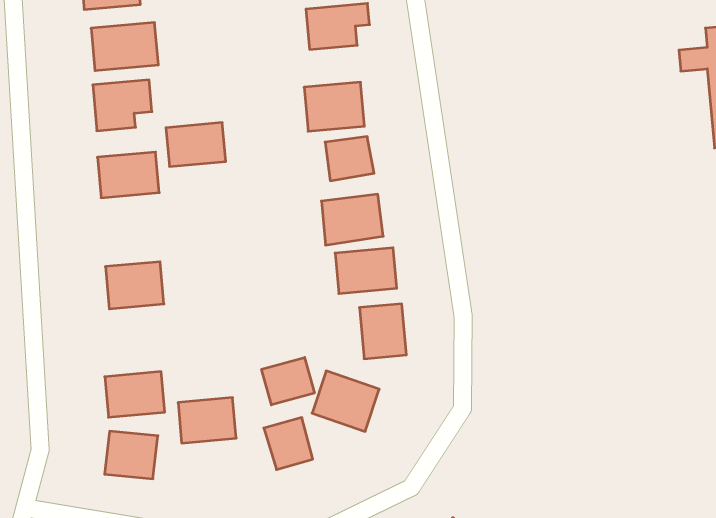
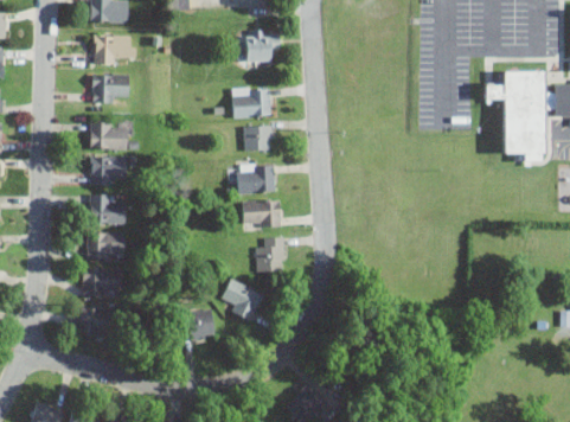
building: [166,123,226,166] -> [89,156,127,183]
building: [262,357,314,405] -> none
building: [178,398,236,443] -> [87,232,123,260]

